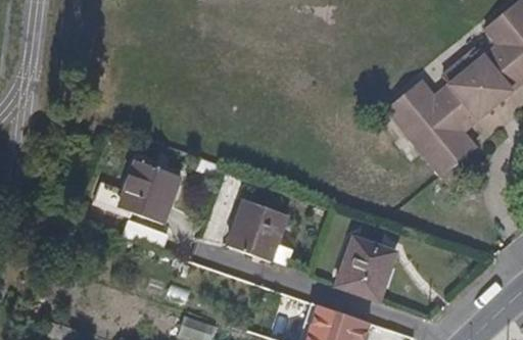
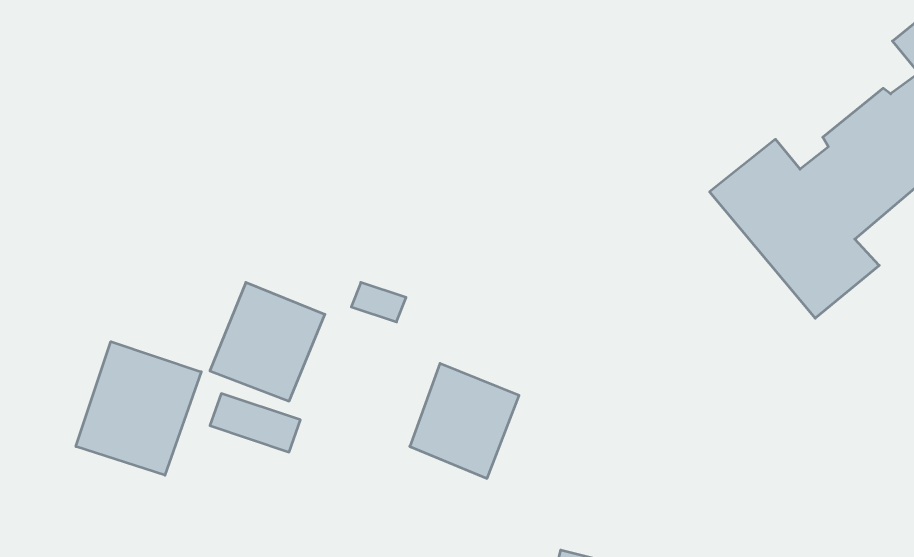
building: none -> [76,342,201,475]
building: [336,238,395,298] -> none

